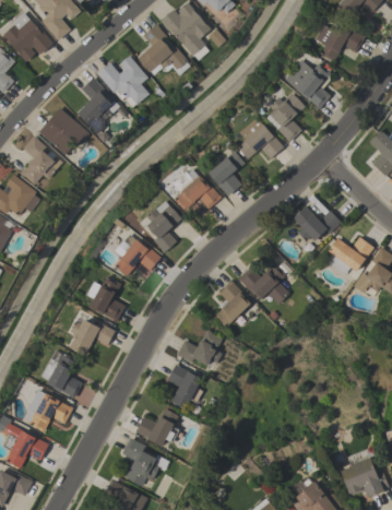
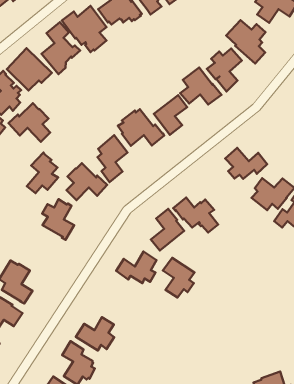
building: none -> [8,103,50,142]
building: none -> [27,153,58,193]
building: [69,319,116,355] -> none
building: [166,364,202,408] -> [163,258,194,297]

